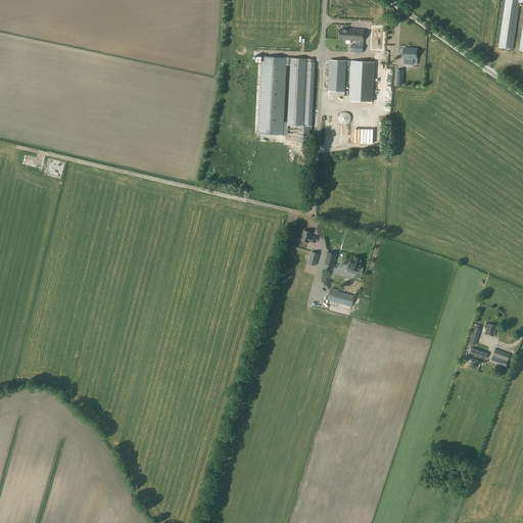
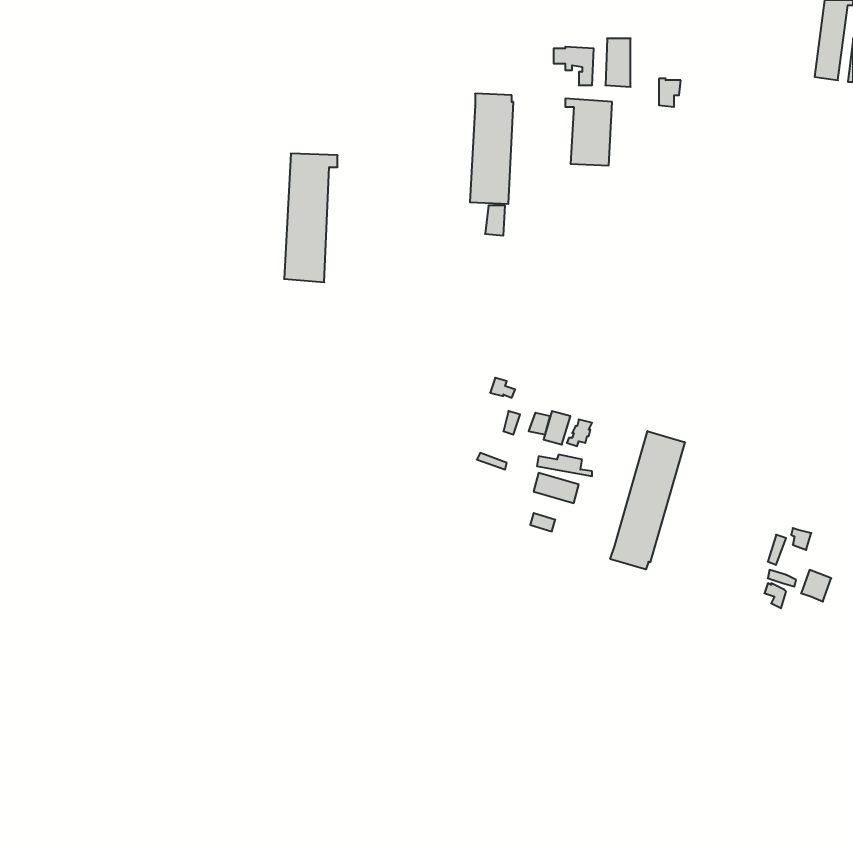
building: [257,56,290,135] -> [284,154,338,282]
building: [325,60,345,92] -> none
building: none -> [610,431,685,569]

